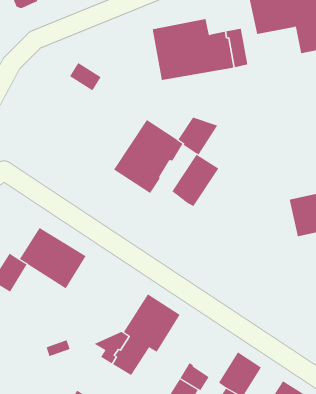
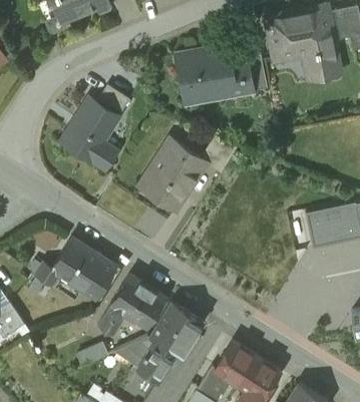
building: none -> [60,98,117,169]
building: [172,154,219,207] -> none
building: none -> [96,277,164,338]
building: none -> [215,343,256,386]

